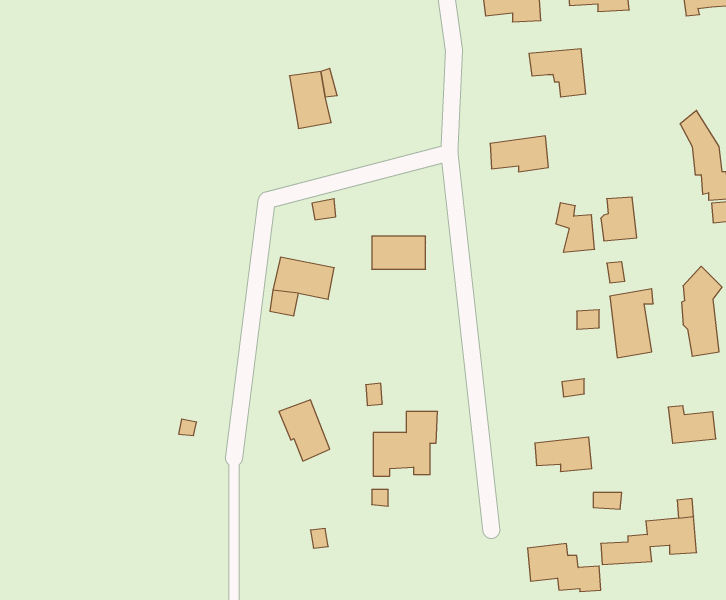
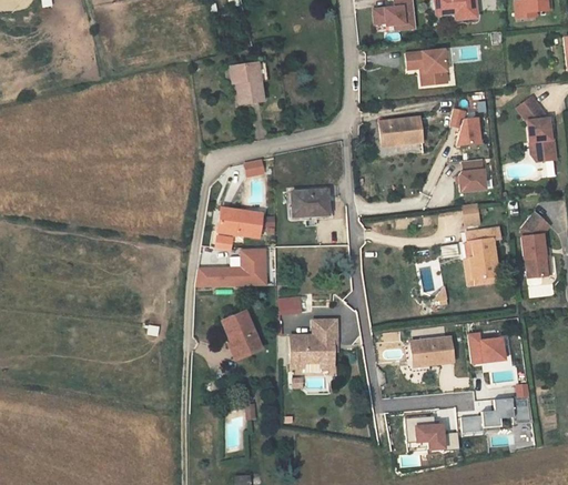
building: [556,203,595,252] -> [452,108,480,144]
building: none -> [203,246,264,286]
building: [668,406,716,443] -> [468,333,504,361]

